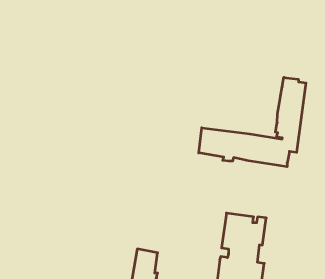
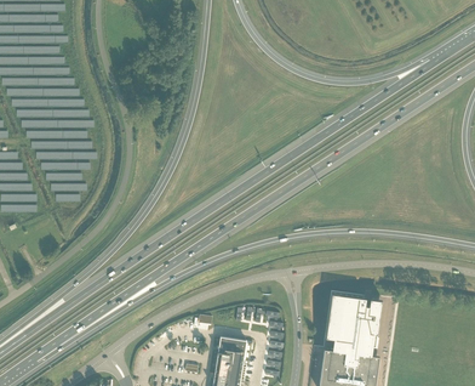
building: [199,77,306,167] -> none

